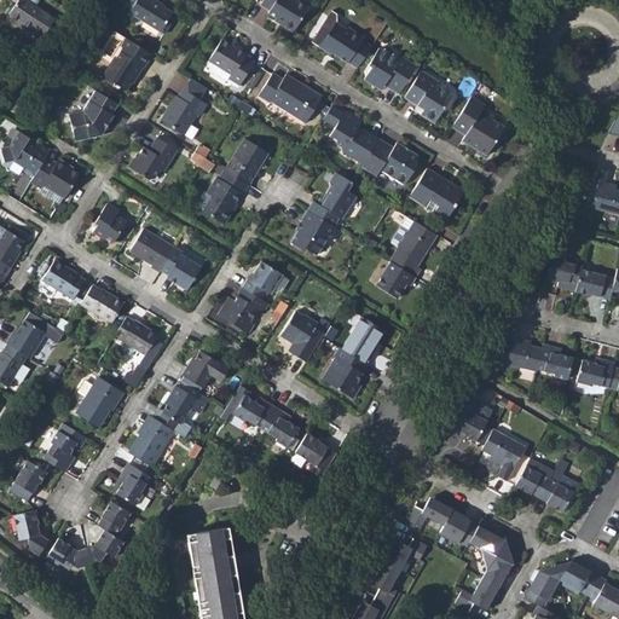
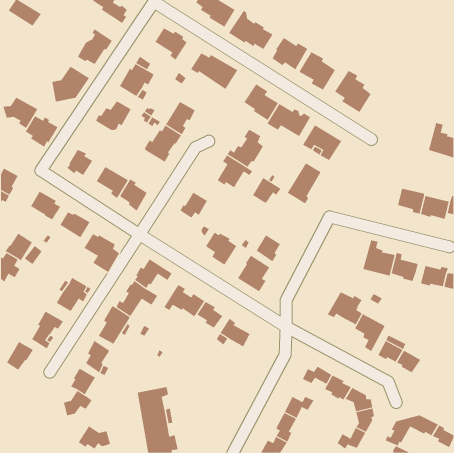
building: [376,262,416,299] -> [252,177,281,204]
building: [222,287,270,336] -> none
building: [15,513,50,559] -> none
building: [46,540,91,573] -> [78,425,111,449]

